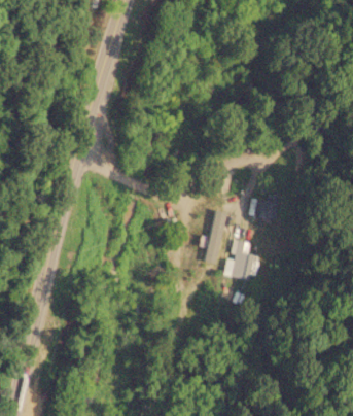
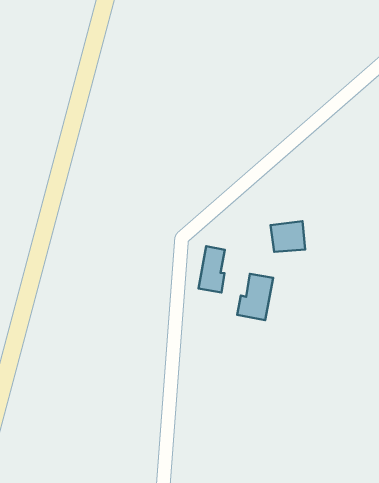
building: none -> [199,246,225,293]

